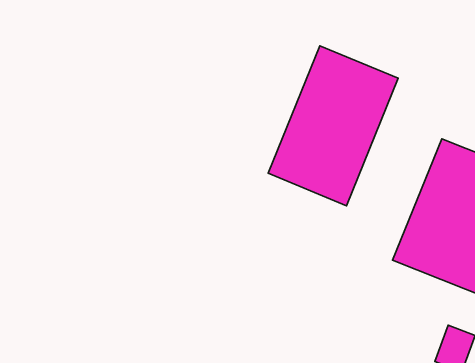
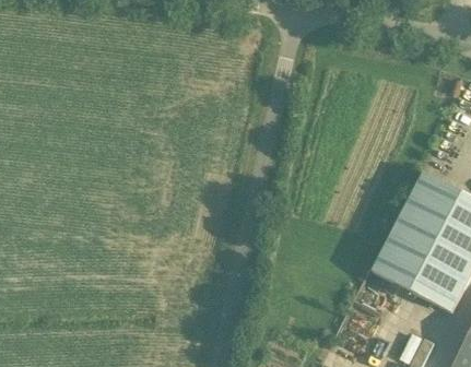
building: [268,46,398,206] -> none

